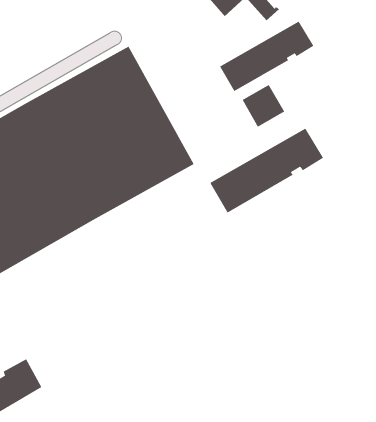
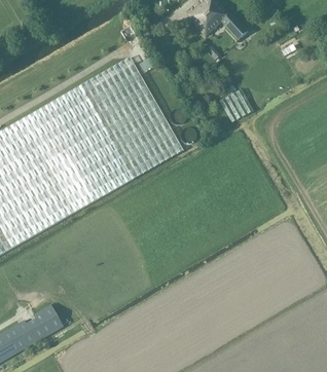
building: [219,21,314,92] -> none
building: [209,128,324,213] -> none

